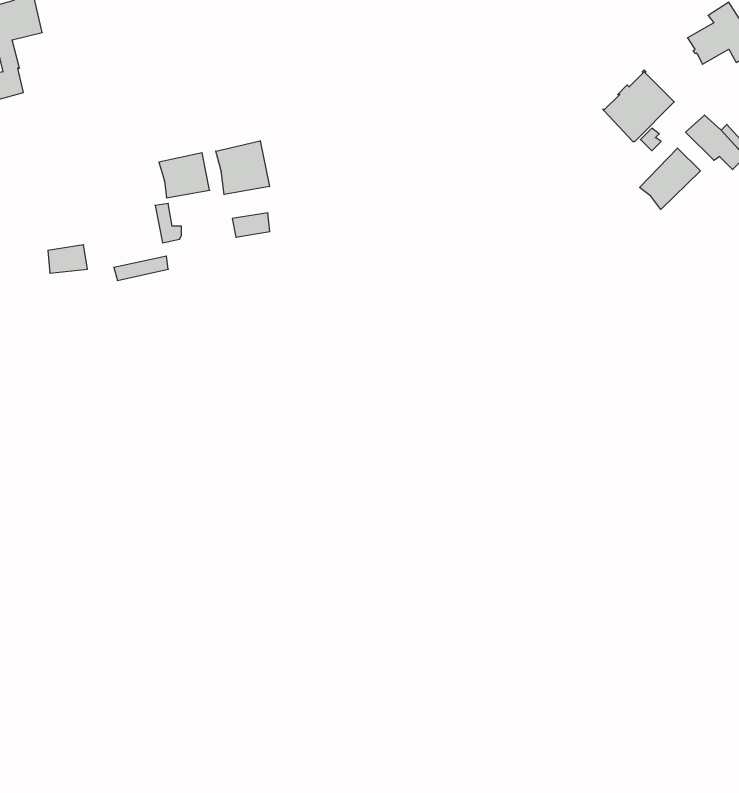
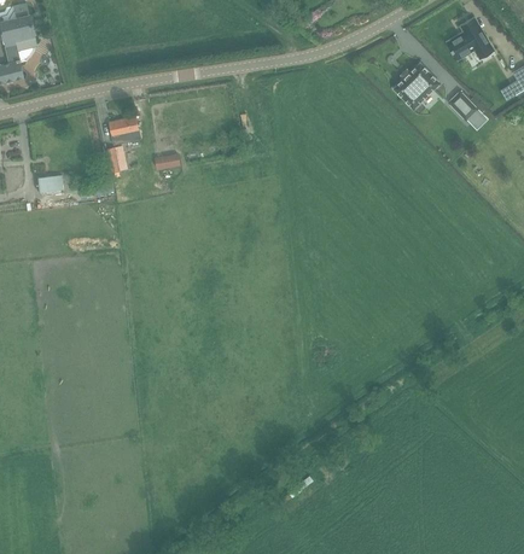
building: [216,141,269,195] -> none
building: [640,148,700,209] -> none

